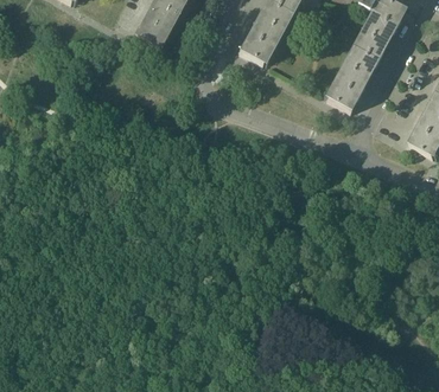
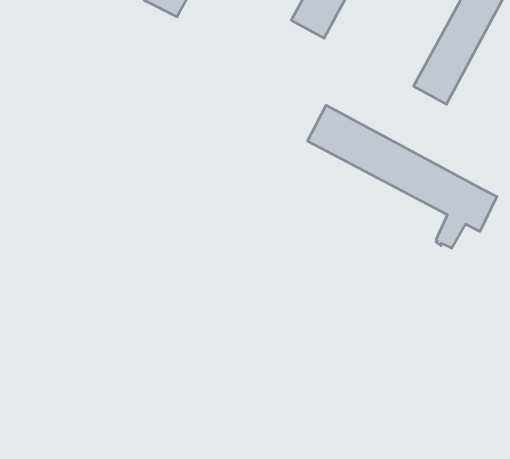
building: none -> [308,105,497,248]

